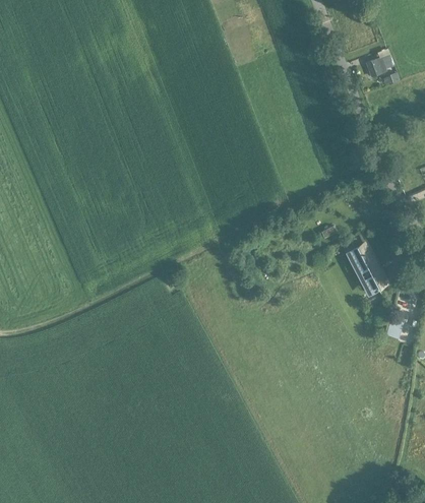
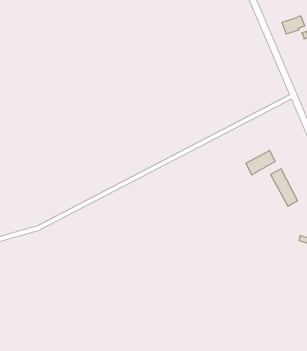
building: none -> [246,150,275,175]

